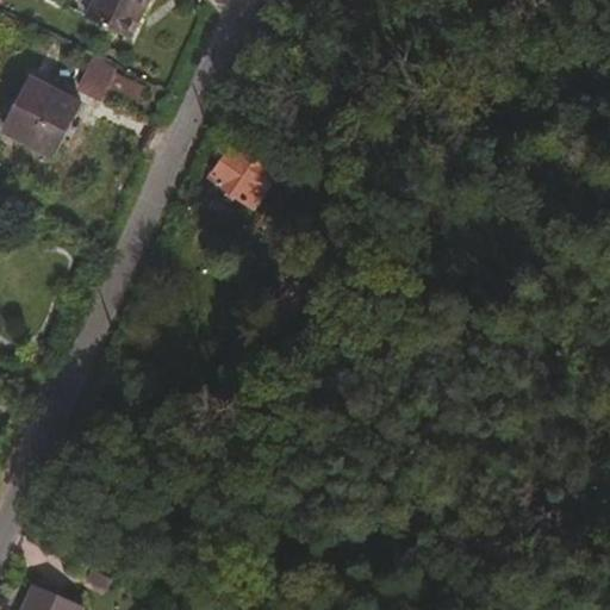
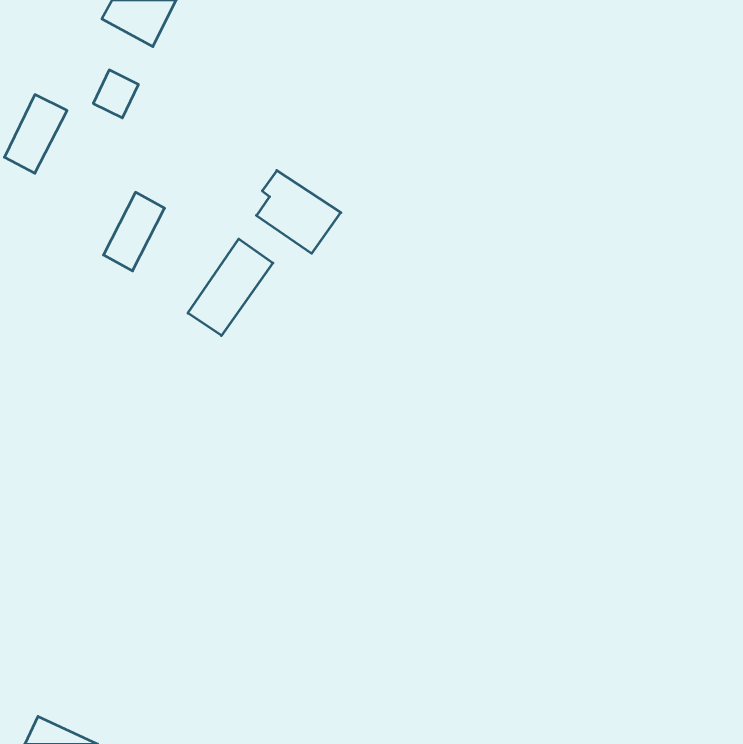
building: [29,91,79,155] -> [103,192,165,271]
building: none -> [188,239,273,336]

